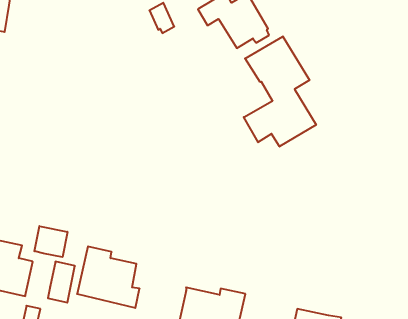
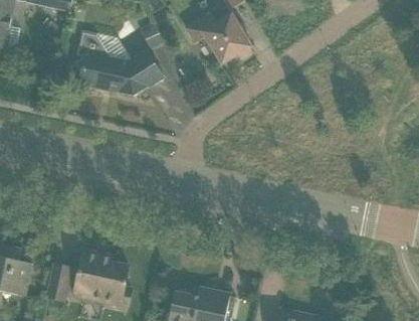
building: none -> [76,32,164,95]
building: [244,36,316,147] -> none
building: [34,226,67,257] -> none

